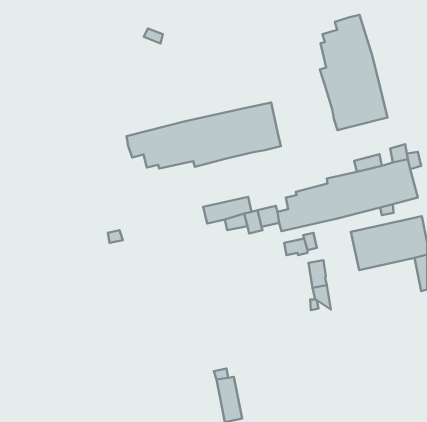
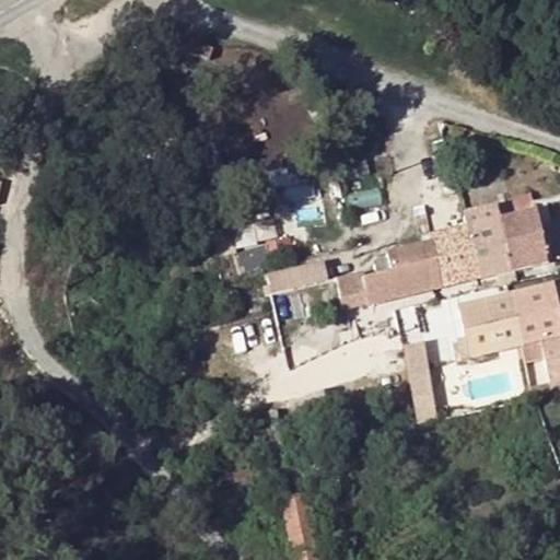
building: [320,15,387,130] -> none
building: [126,103,281,169] -> none

